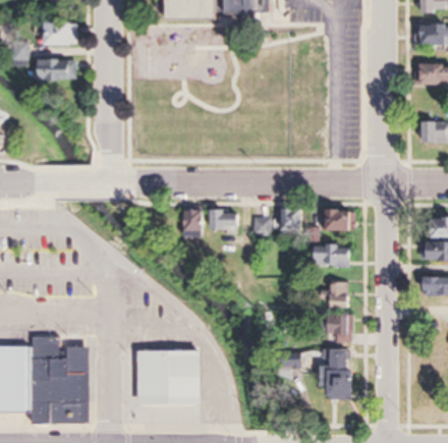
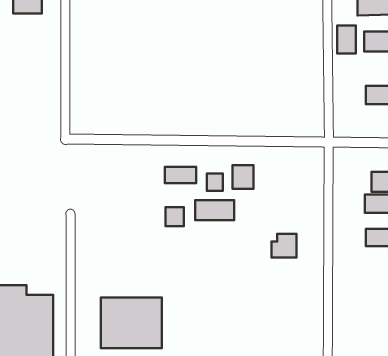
building: none -> [337,26,356,53]
building: [34,61,73,82] -> none
building: [325,208,352,230] -> none
building: [182,209,202,229] -> [166,207,184,226]
building: [307,243,349,265] -> [195,200,234,220]
building: [321,312,354,402] -> none

